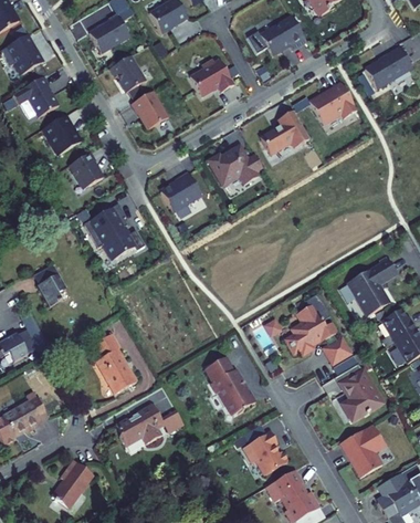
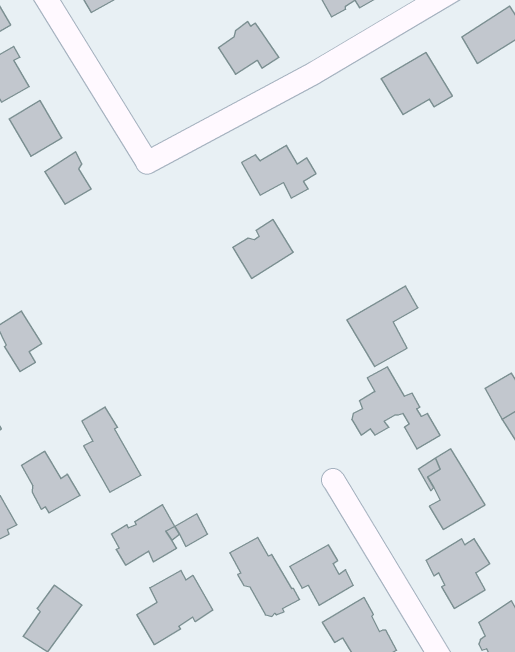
building: [108,55,168,129] -> none
building: [263,108,311,154] -> none
building: [158,172,201,215] -> [233,220,293,278]
building: [84,205,143,258] -> none
building: [346,259,397,316] -> [347,286,418,367]
building: [204,358,254,415] -> [230,537,300,616]
building: none -> [22,451,80,513]
building: none -> [137,570,213,645]

